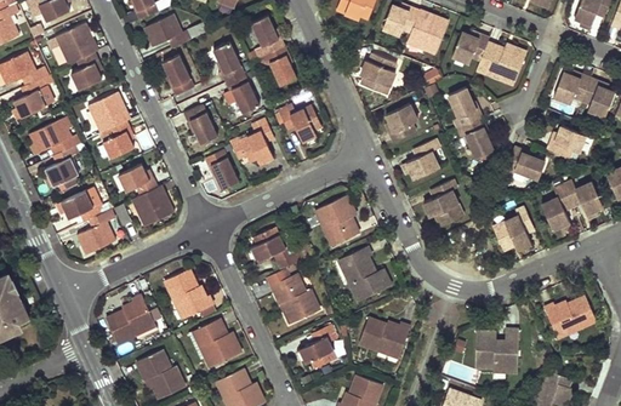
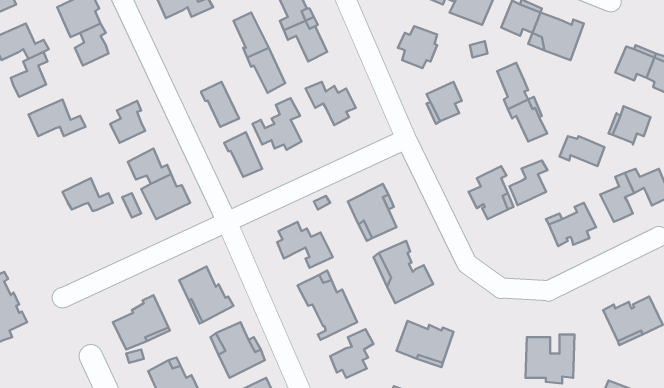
building: [163,55,194,96] -> none
building: [87,92,127,133] -> none
building: [406,139,440,179] -> [509,160,547,205]
building: [46,147,79,185] -> none
building: [76,210,115,255] -> none

